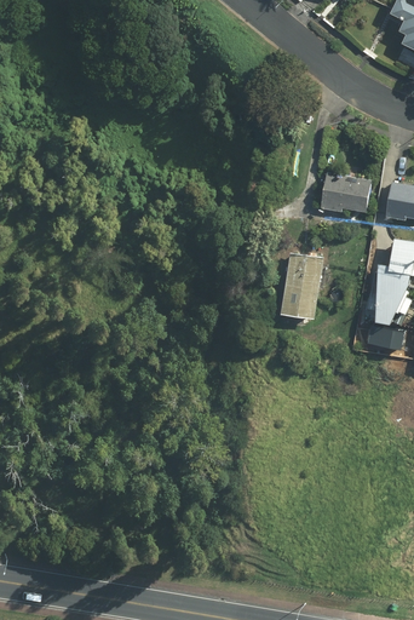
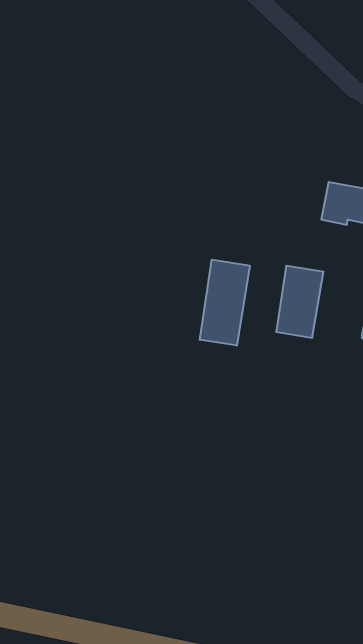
building: none -> [200,260,250,346]

